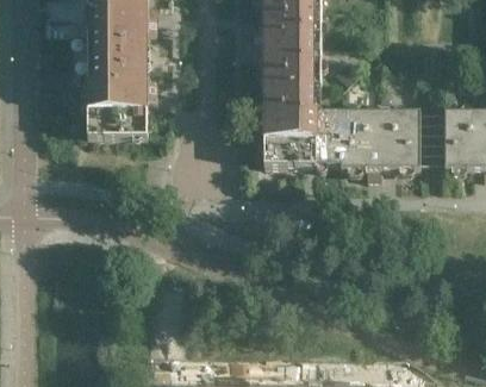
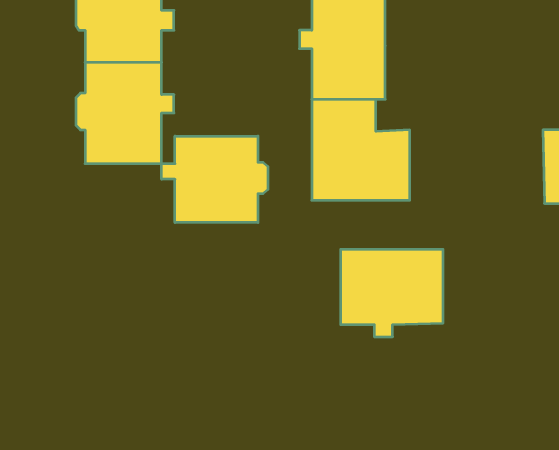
building: [338,110,418,177] -> [341,249,443,337]
building: none -> [162,136,268,223]

